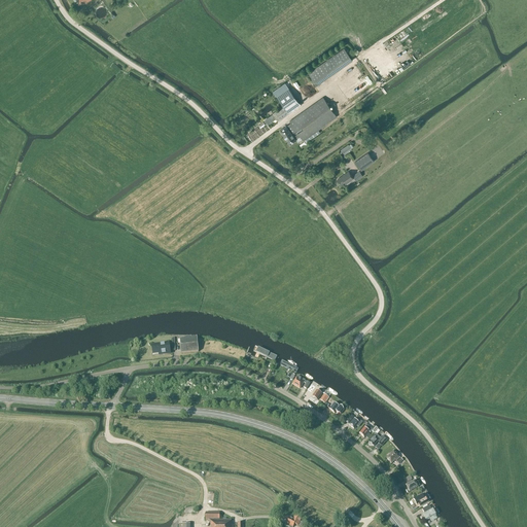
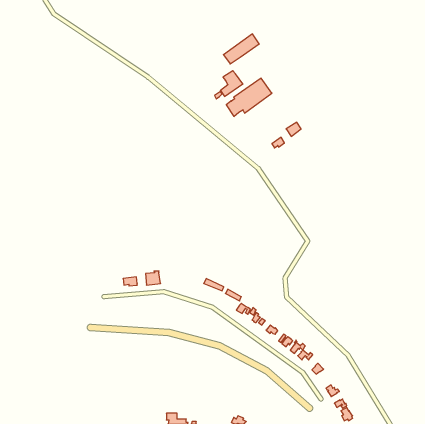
building: [308,47,352,84] -> [223,34,259,64]

